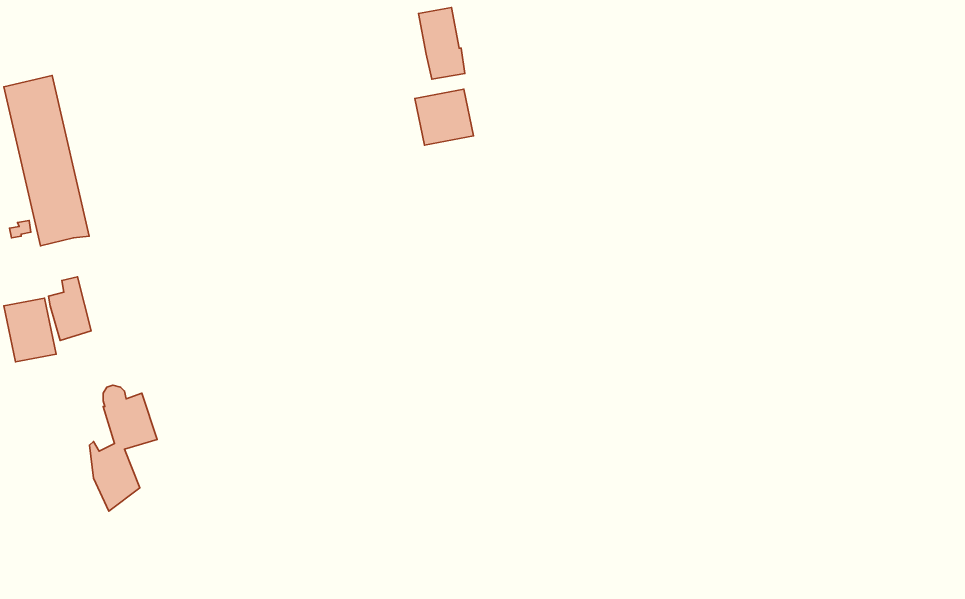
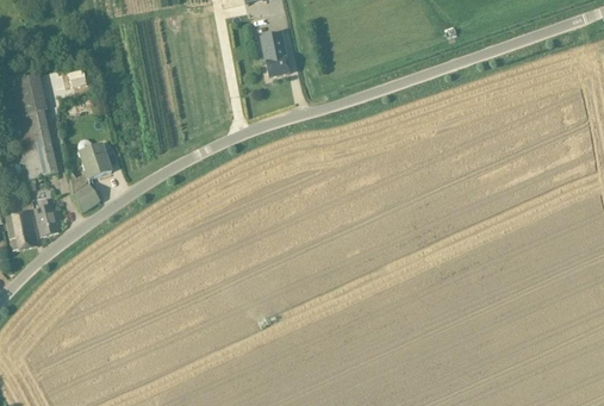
building: [415,89,473,145] -> none
building: [89,385,157,511] -> [71,138,113,216]

